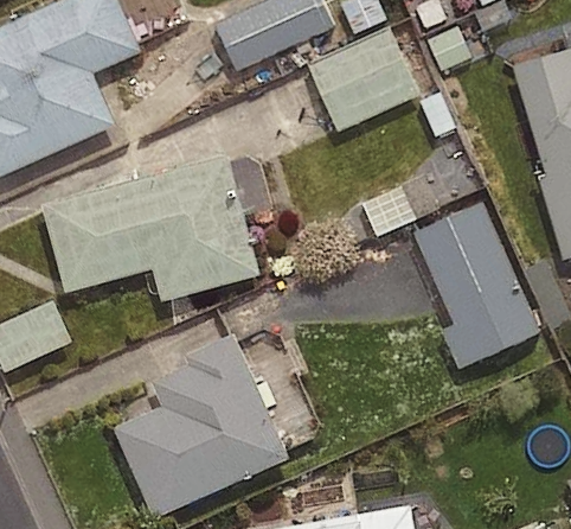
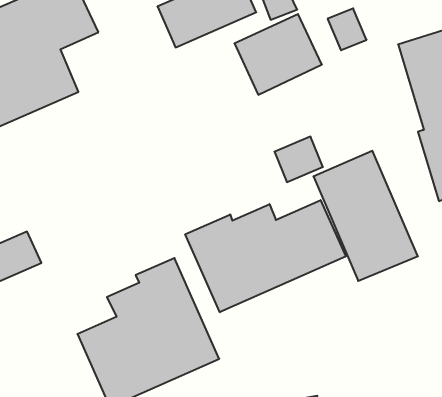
building: [41,154,261,301] -> none
building: none -> [185,200,346,312]

